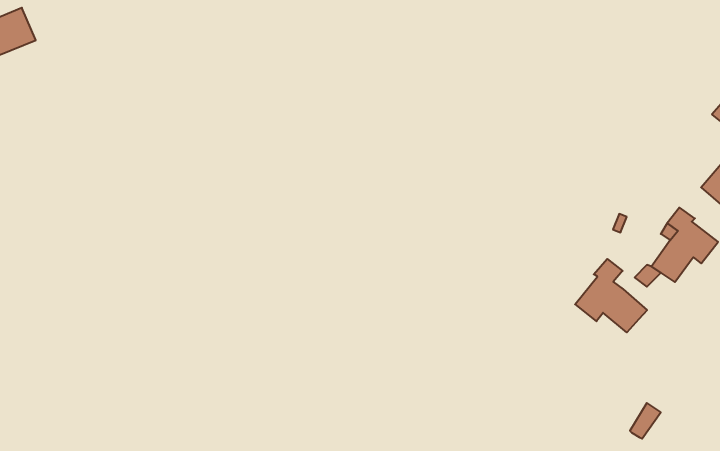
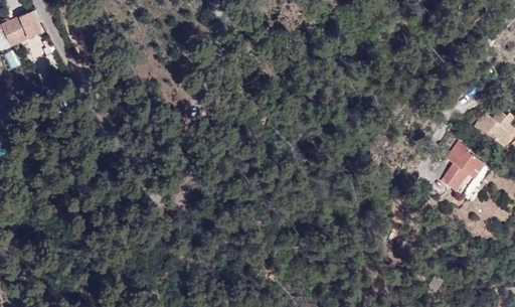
building: [575,259,647,332] -> none

